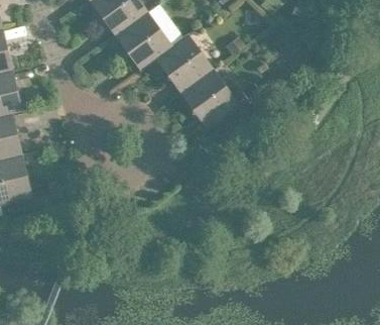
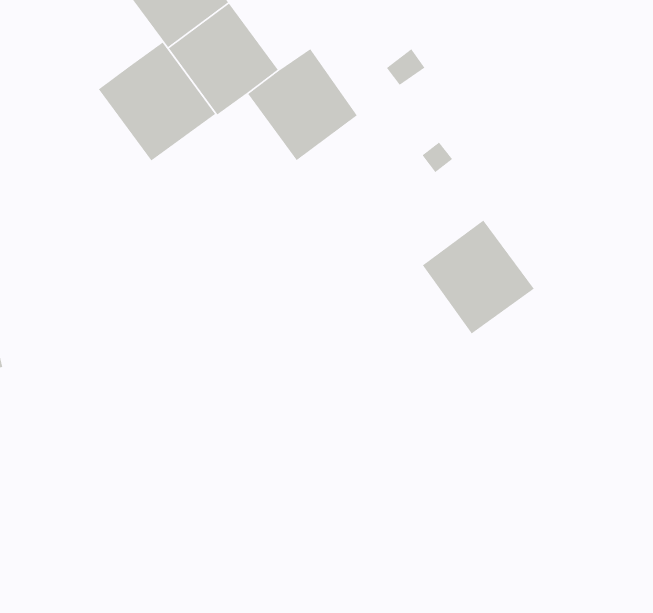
building: none -> [98,42,216,162]
building: [180,69,238,127] -> [422,220,535,335]

